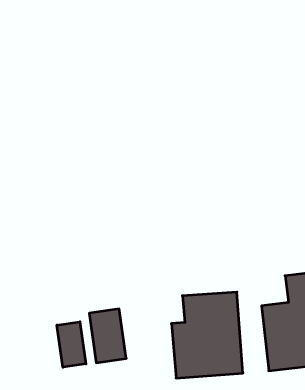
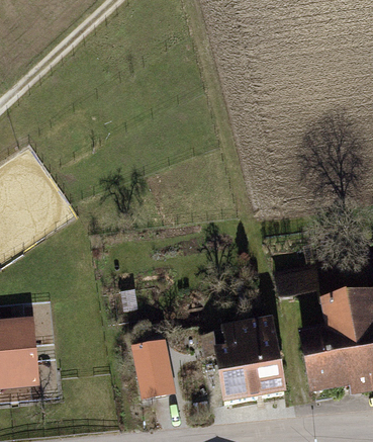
building: [57,322,86,367] -> none

